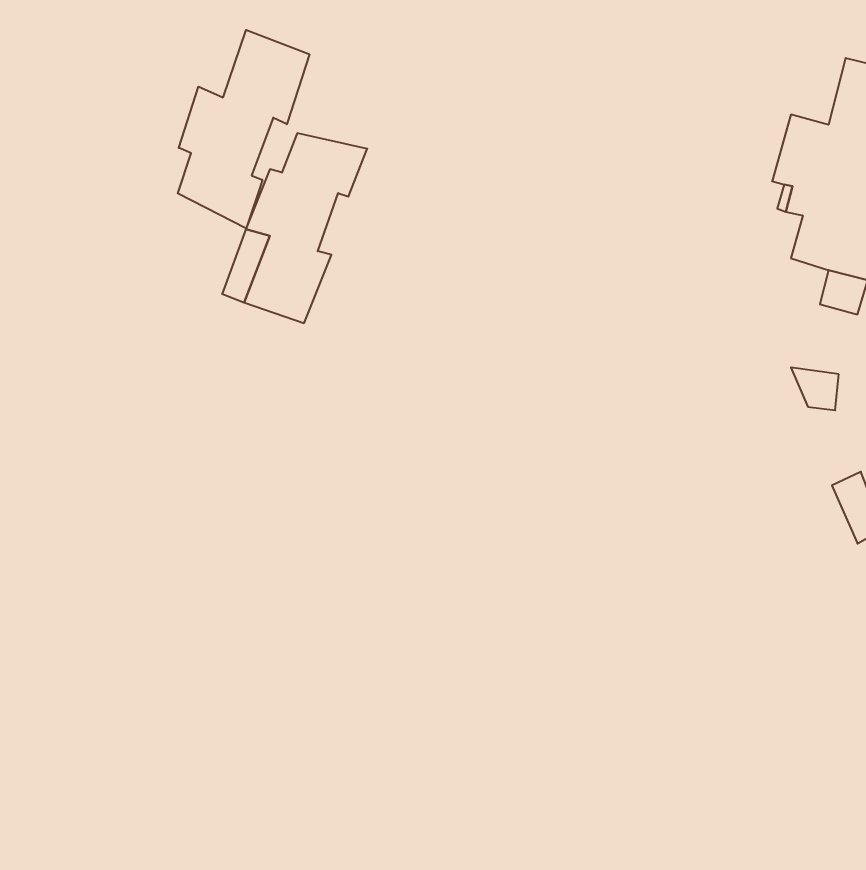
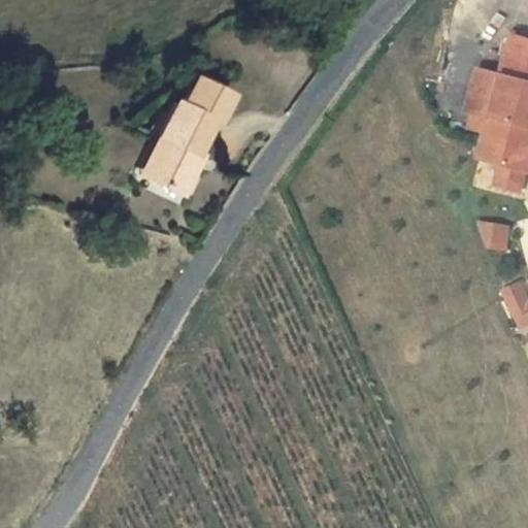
building: [178,30,309,228] -> none

